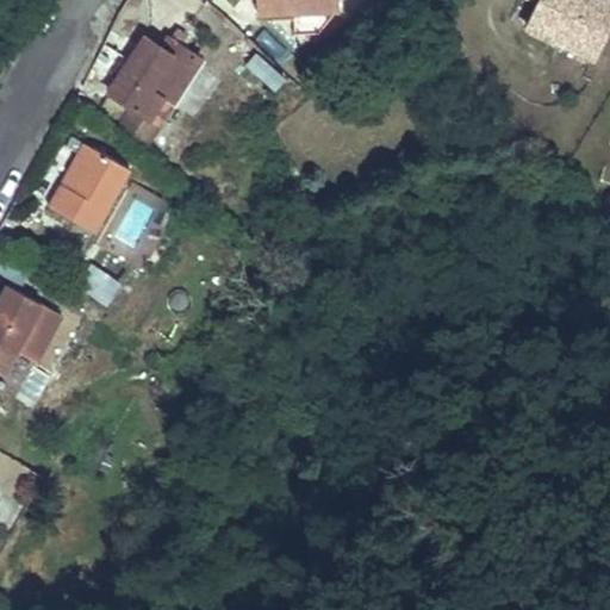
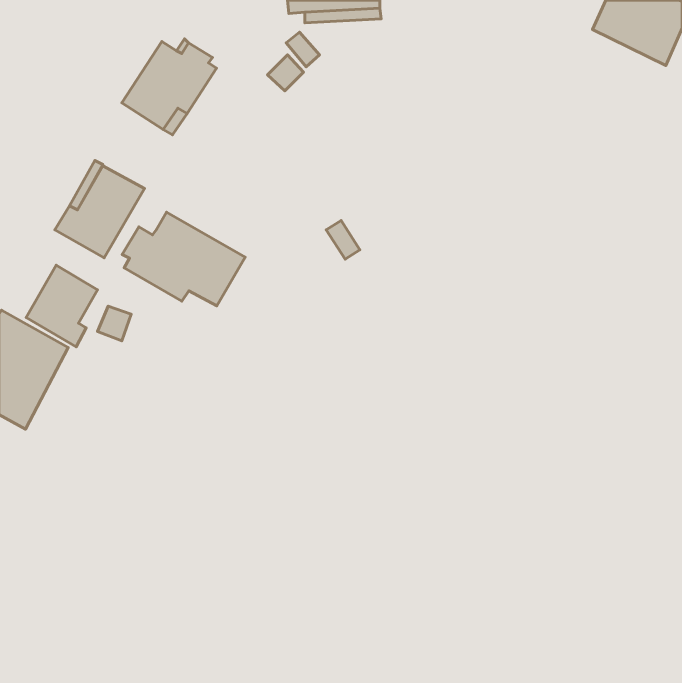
building: none -> [122,212,245,306]
building: none -> [26,265,98,347]

